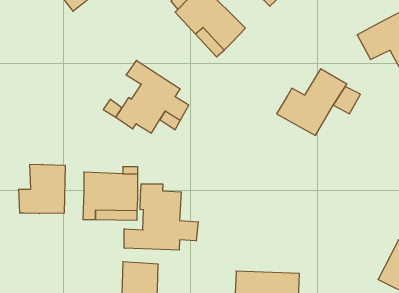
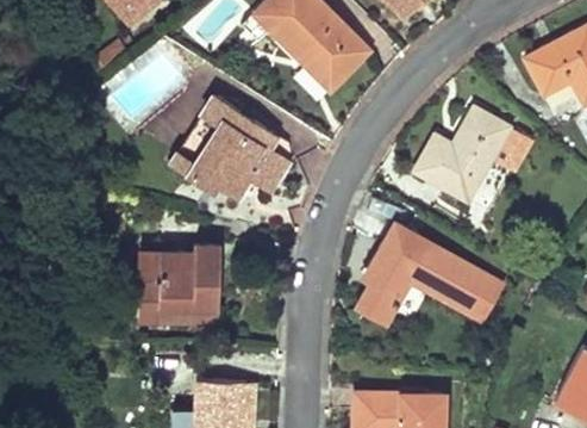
building: none -> [357,224,504,323]
building: [19,164,65,214] -> none
building: [124,184,198,250] -> none

